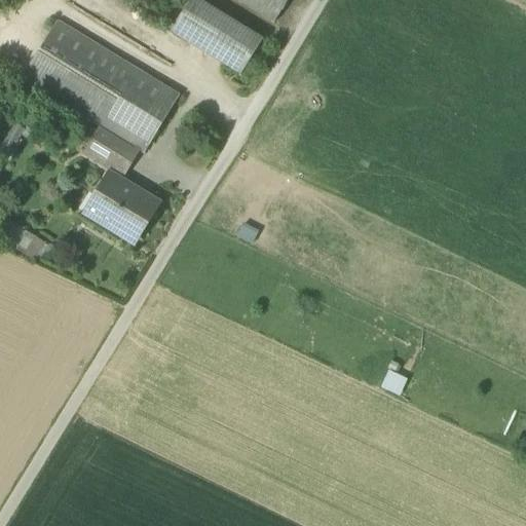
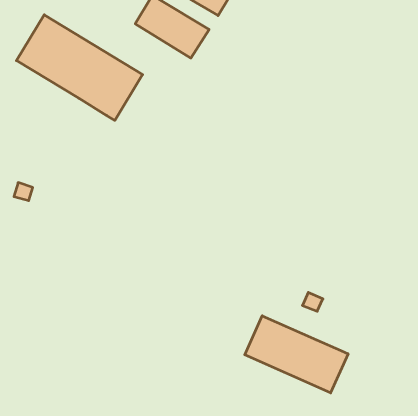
building: [83,123,135,172] -> none
building: [97,173,157,239] -> none
building: none -> [245,316,348,393]

